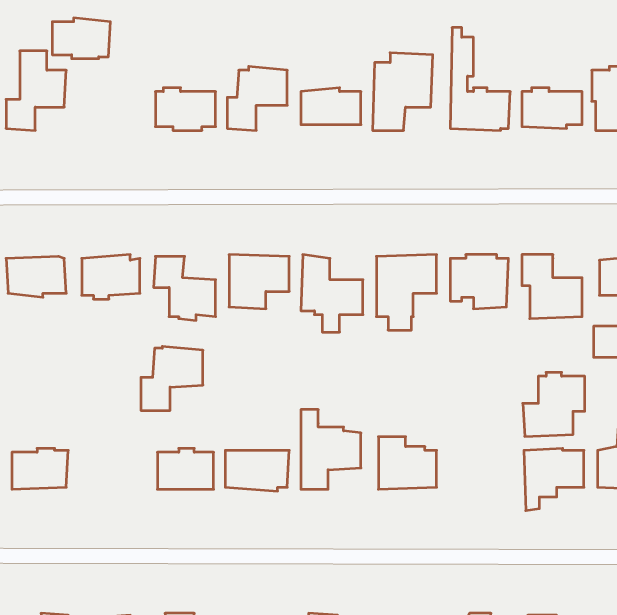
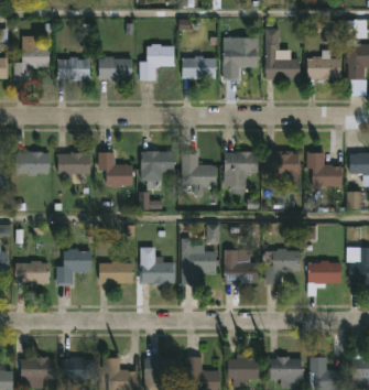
building: [52,18,110,59] -> [56,57,89,80]
building: [141,346,203,410] -> [55,249,90,285]
building: [523,372,585,436] -> [263,248,299,284]

